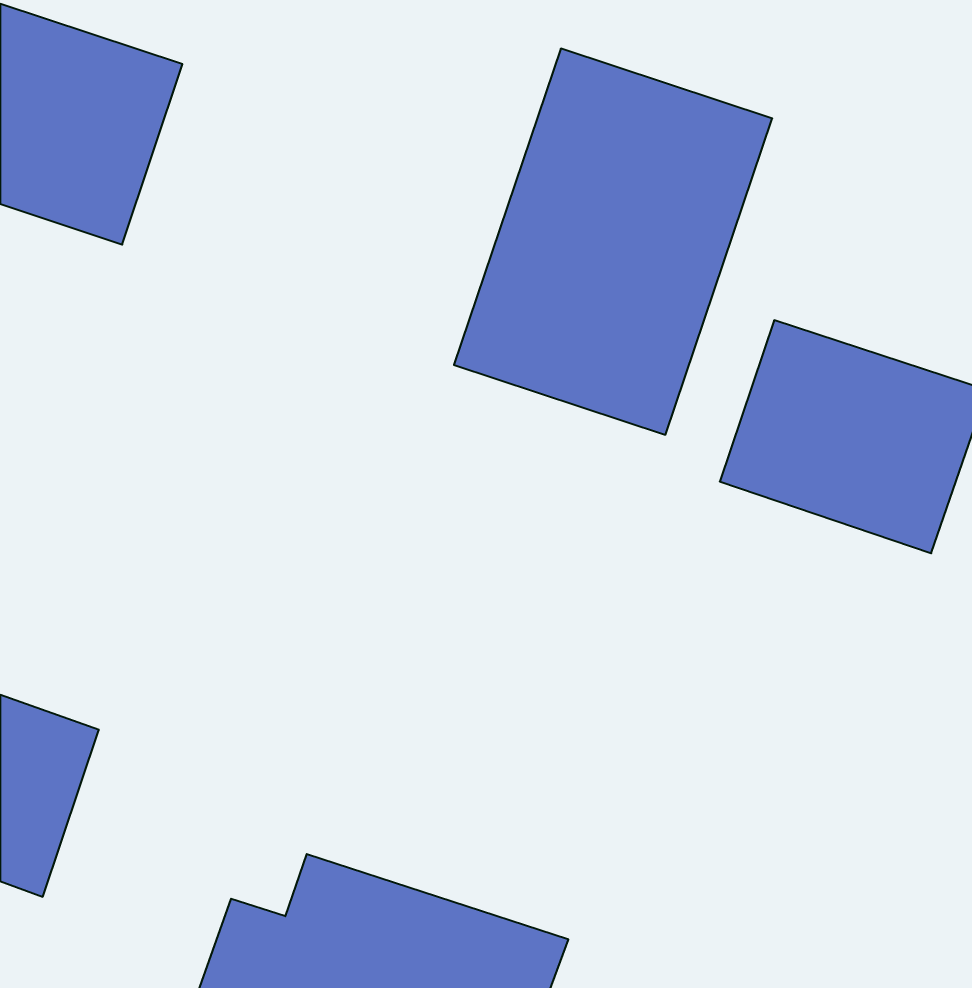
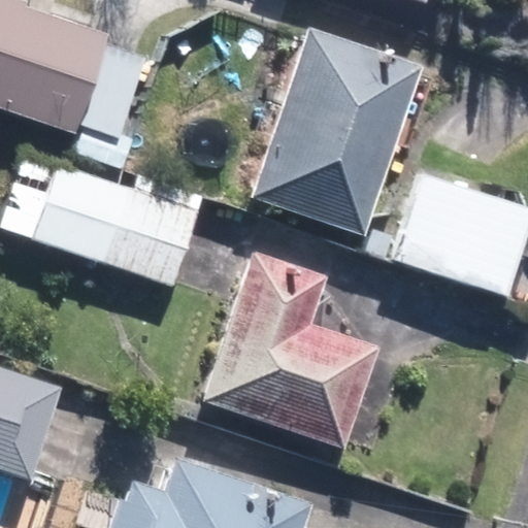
building: none -> [35,166,202,289]
building: none -> [201,251,378,447]

